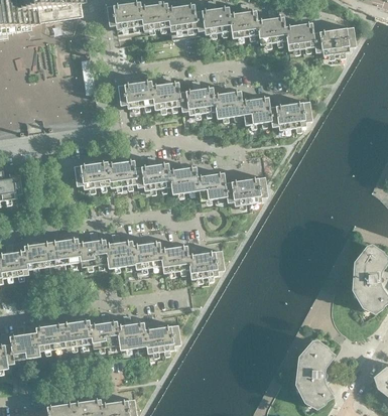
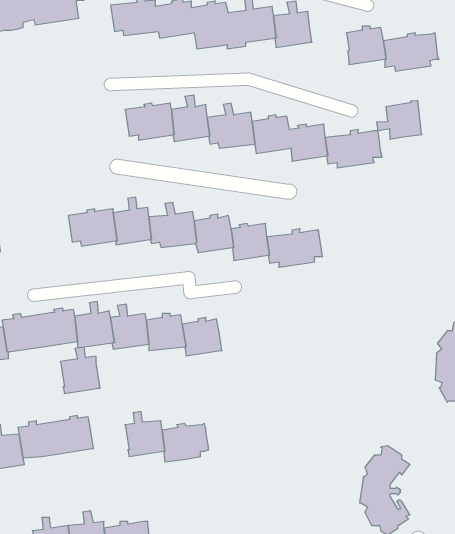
building: [257,9,287,44] -> none
building: none -> [377,100,422,139]
building: [188,250,224,279] -> none
building: [90,313,120,349] -> [60,347,100,393]

